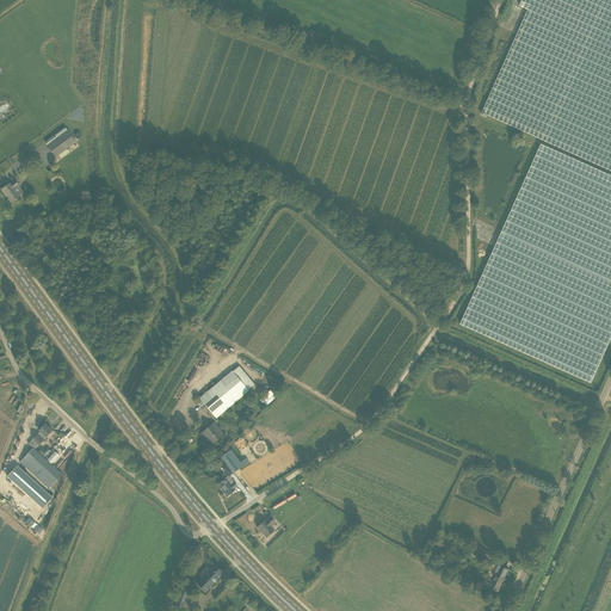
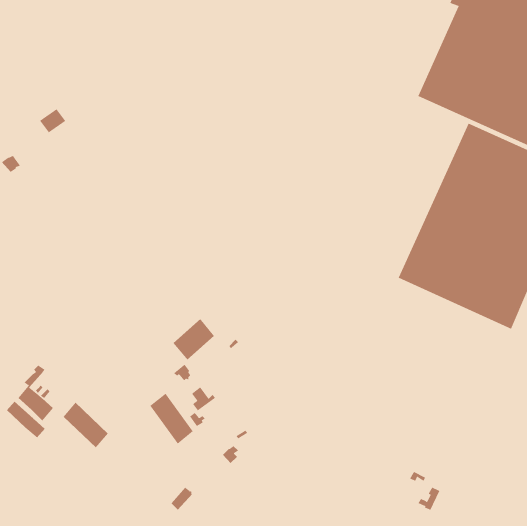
building: none -> [150,393,193,444]
building: none -> [63,402,108,448]

